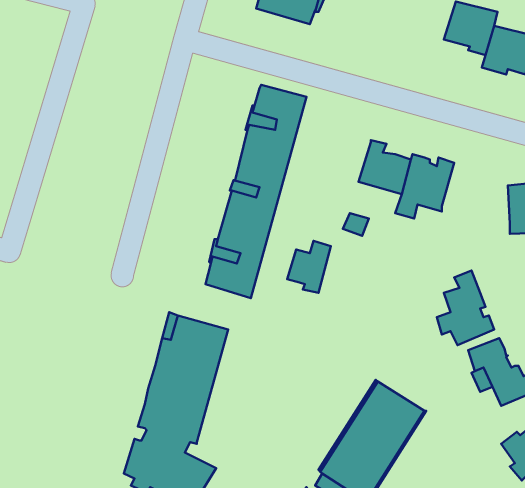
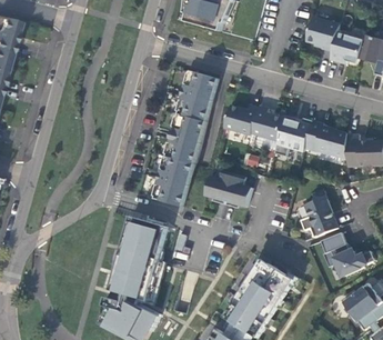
building: none -> [226,104,261,134]
building: none -> [306,120,350,159]
building: none -> [228,173,254,207]

